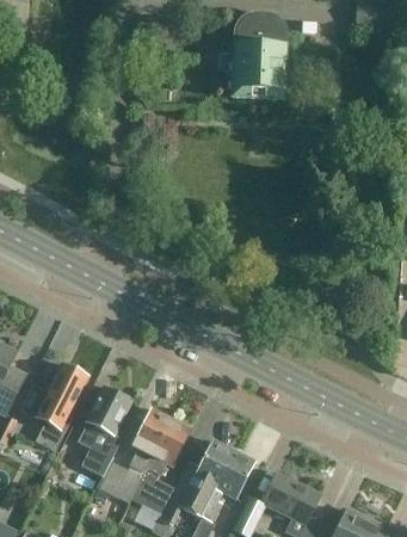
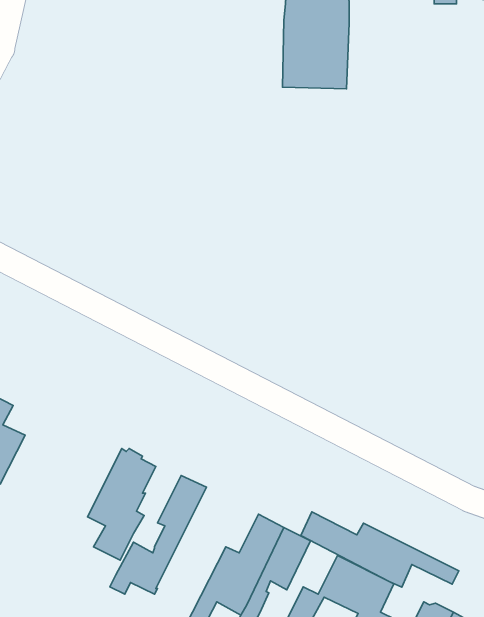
building: [36,364,88,453] -> none
building: [131,418,192,513] -> none
building: none -> [301,512,459,587]

